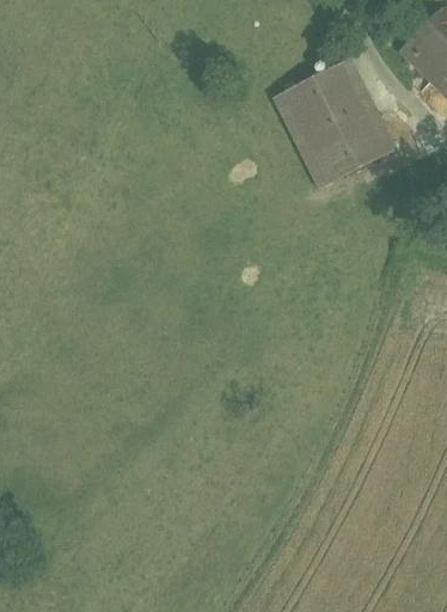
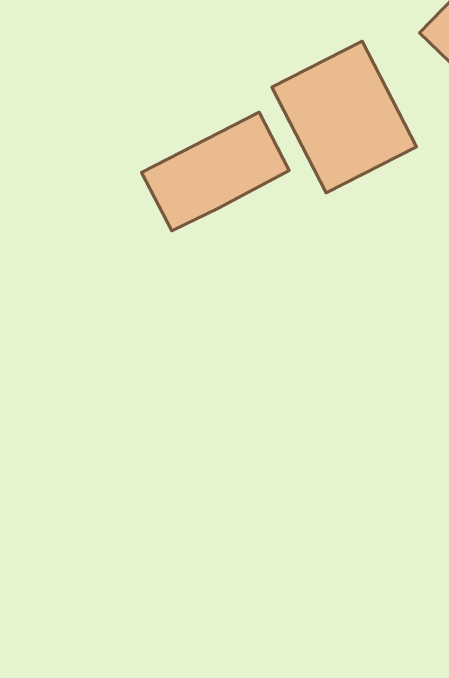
building: none -> [142,112,289,231]

